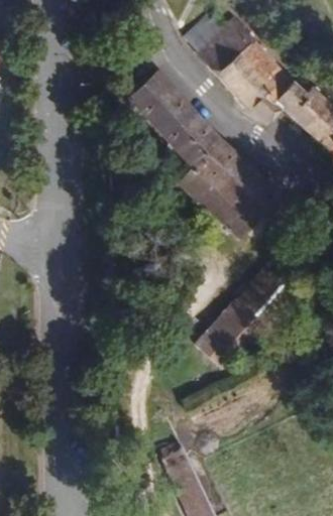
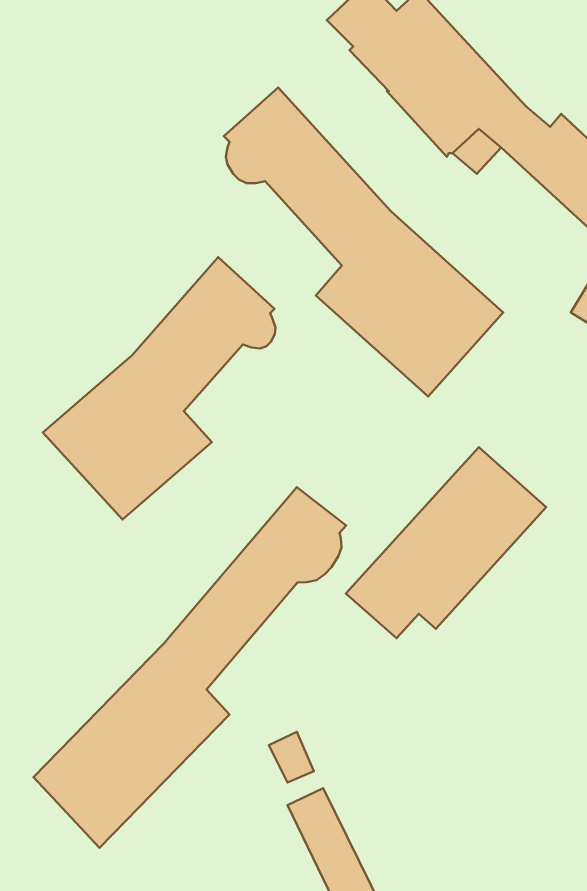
building: none -> [43,257,275,519]
building: none -> [34,487,346,848]

